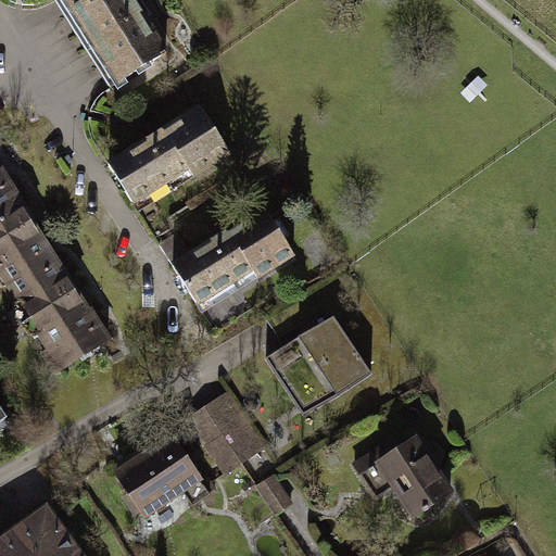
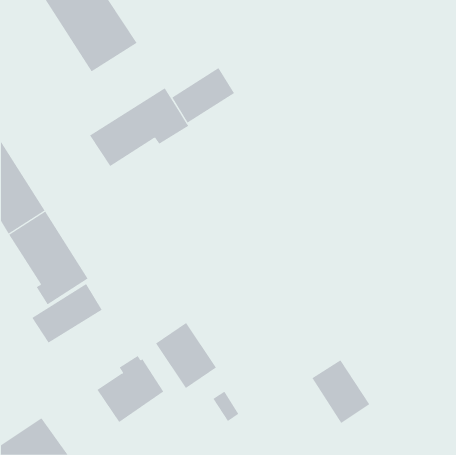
building: none -> [172,67,235,123]
building: [172,207,294,304] -> none
building: [265,316,372,415] -> none
building: none -> [32,283,102,344]

